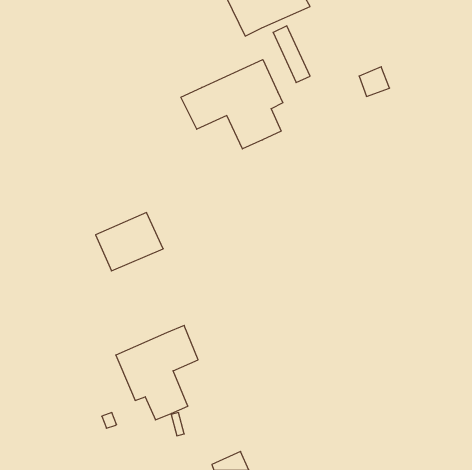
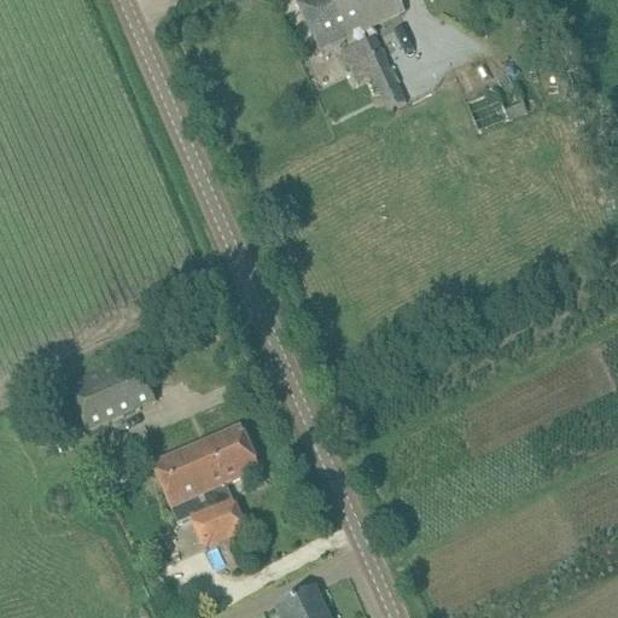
building: [181,60,283,149] -> none
building: [96,213,163,271] -> [66,354,154,430]

